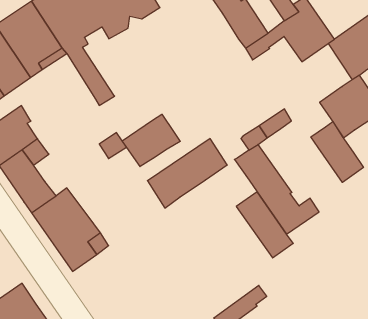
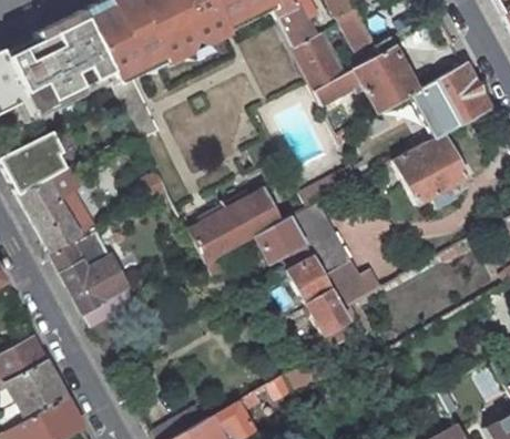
building: [122,114,180,167] -> none
building: [311,122,363,182] -> none
building: none -> [256,217,306,263]

